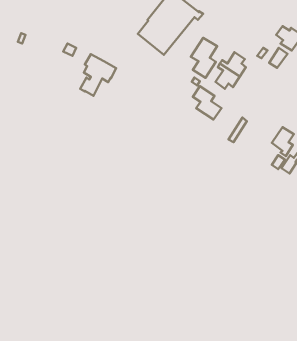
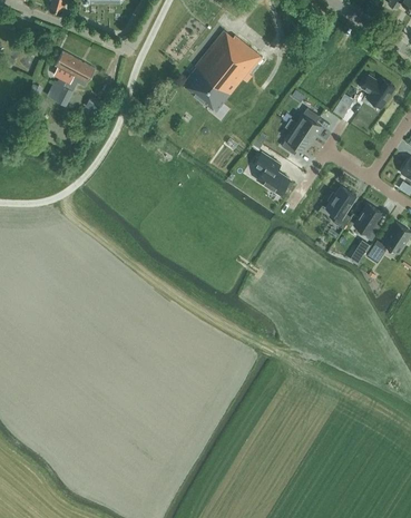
building: [191,38,217,78] -> none
building: [80,54,116,96] -> [49,51,95,105]
building: none -> [325,186,356,228]

